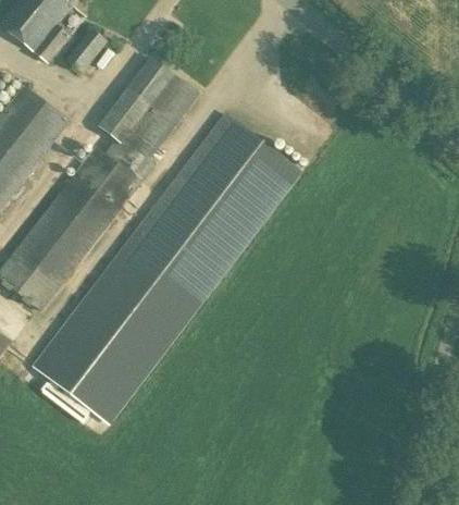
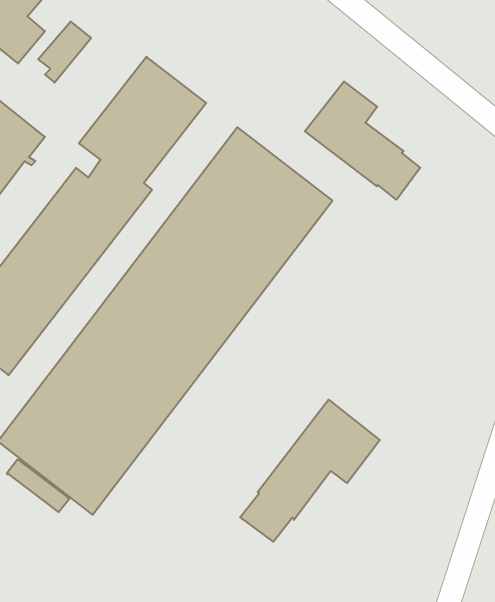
building: none -> [305,81,420,200]
building: none -> [240,400,380,542]

